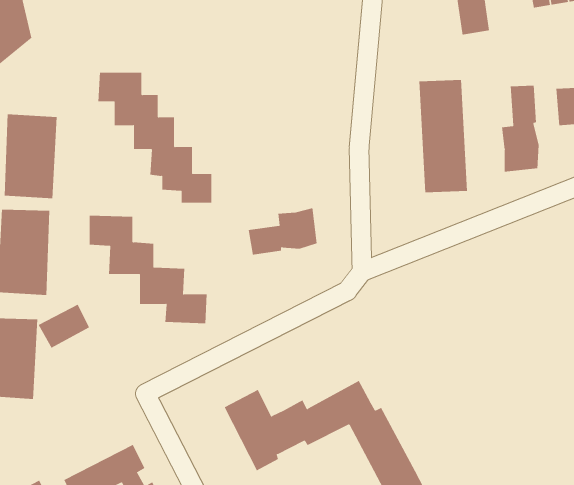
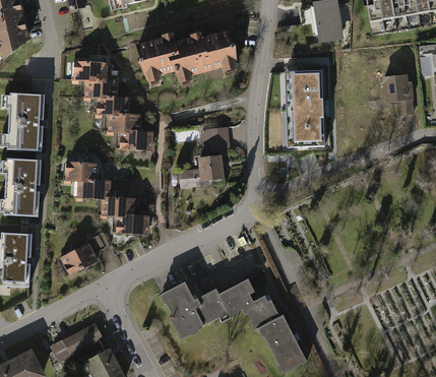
building: none -> [133,36,237,79]
building: [502,85,539,173] -> none
building: none -> [198,127,228,156]
building: [38,304,90,348] -> [60,243,96,273]

